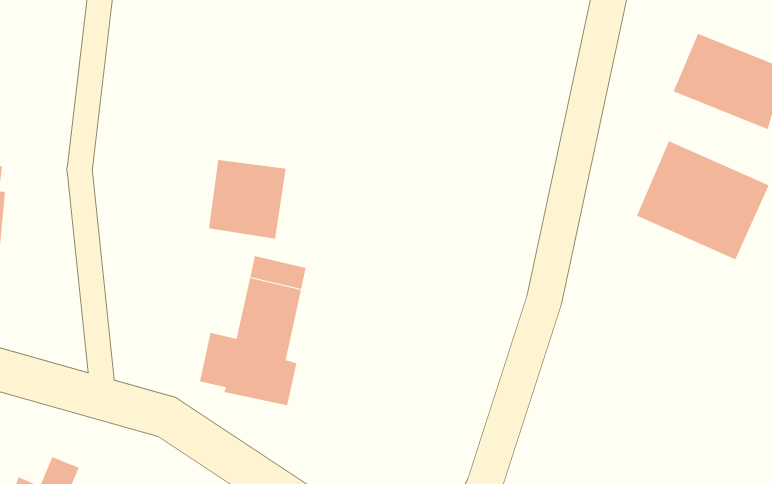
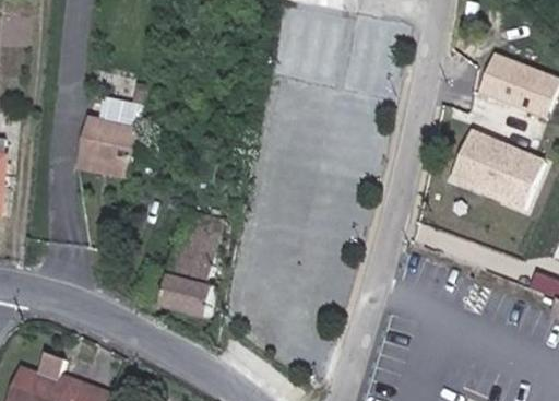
building: [208,159,286,239] -> [81,113,136,169]

